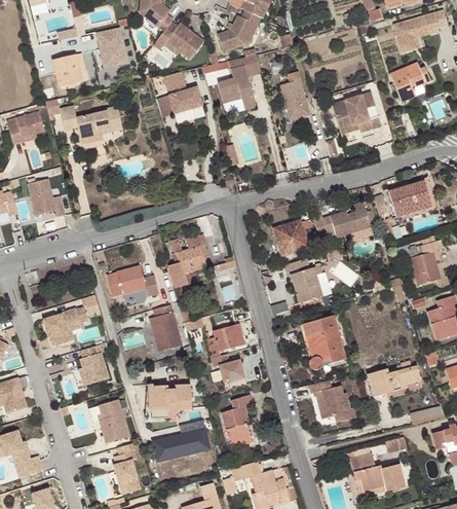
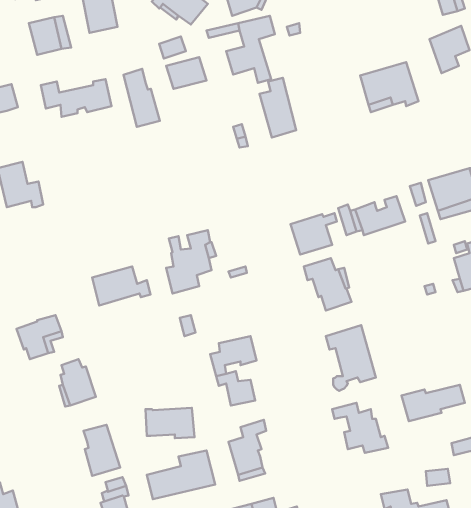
building: [278,71,309,121] -> [260,78,296,138]
building: none -> [124,69,160,127]
building: [149,305,182,353] -> none

